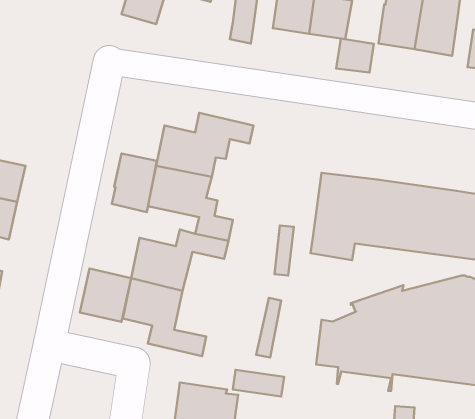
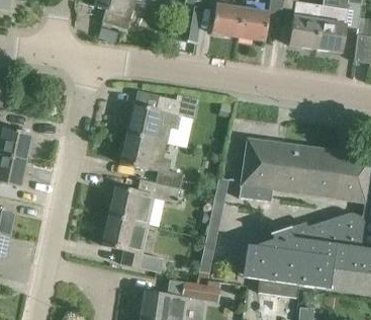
building: [336,39,374,73] -> none
building: [112,153,157,212] -> none
building: [80,269,131,322] -> none

